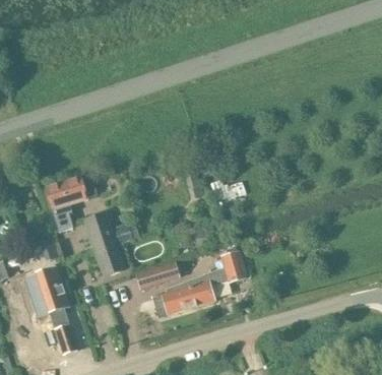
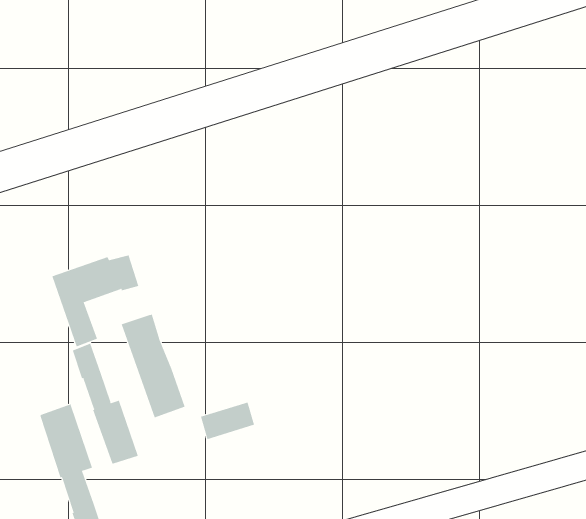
building: none -> [72,343,139,465]
building: [152,253,246,317] -> none

